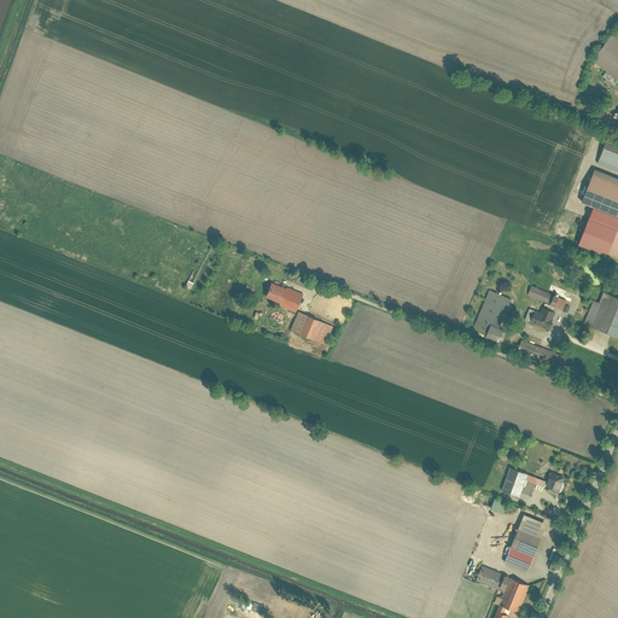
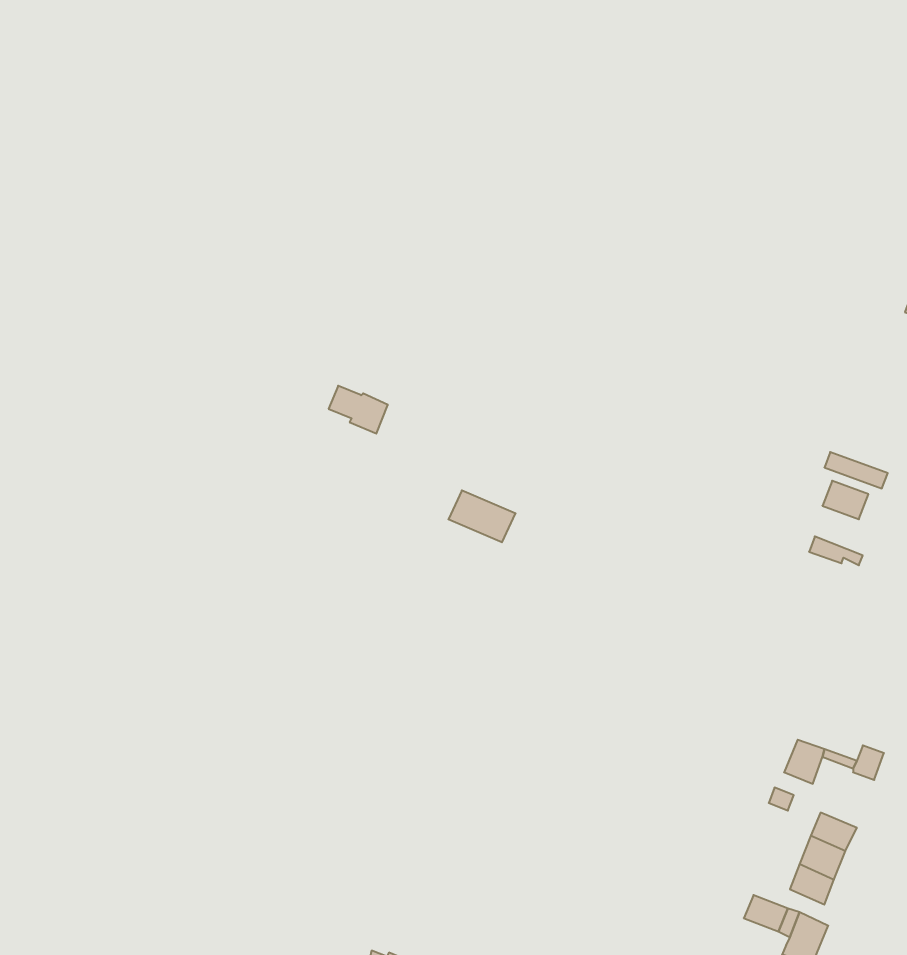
building: [268,284,305,314] -> [329,386,388,434]
building: [472,288,508,339] -> none

